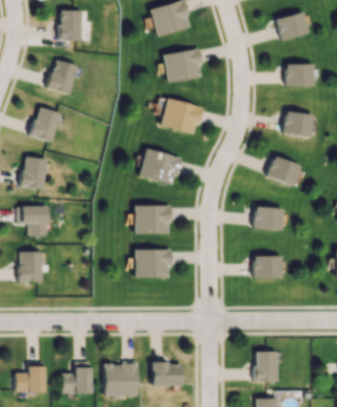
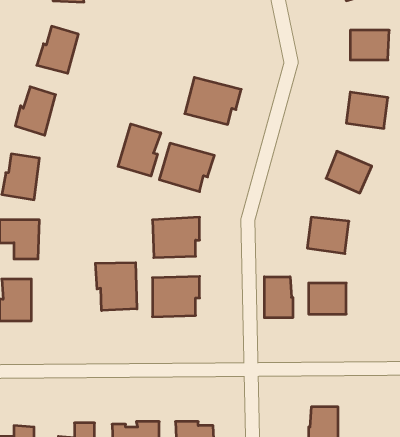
building: [160,47,201,84] -> none
building: none -> [118,124,161,176]
building: none -> [95,263,137,311]
building: none -> [264,277,293,318]

